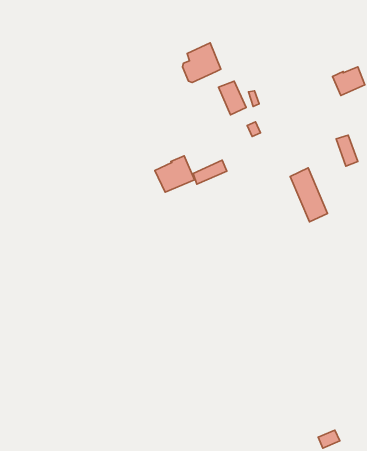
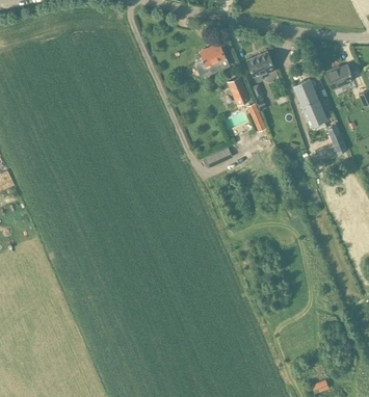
building: none -> [246,51,275,81]
building: [155,156,195,192] -> none
building: [290,168,327,222] -> [294,79,326,126]

